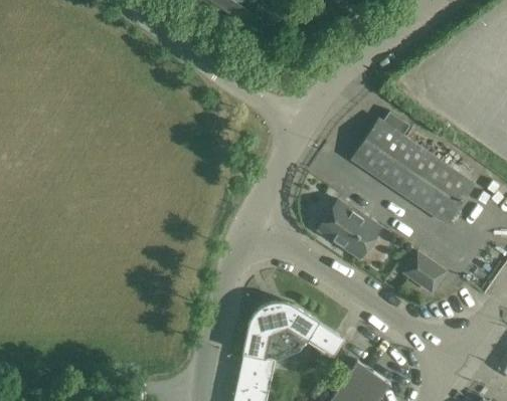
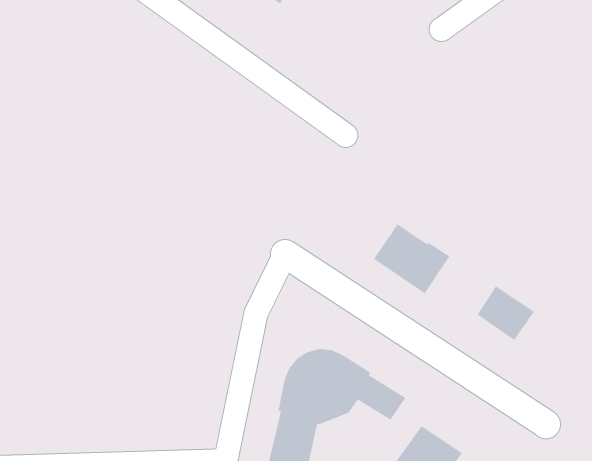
building: [351,119,475,224] -> none

